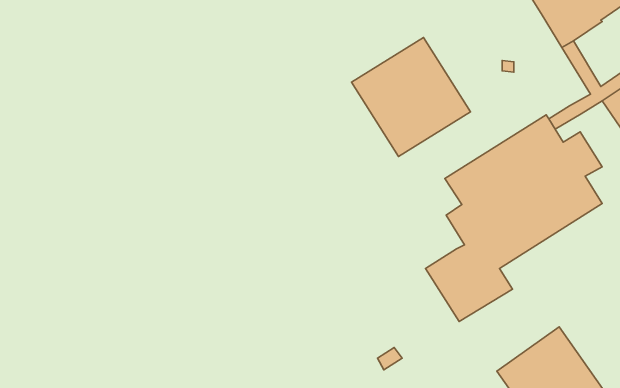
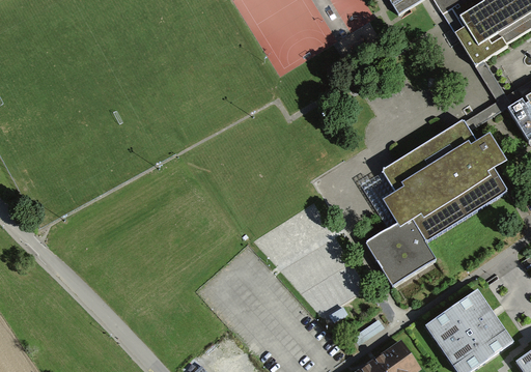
building: [352,38,470,157] -> none

